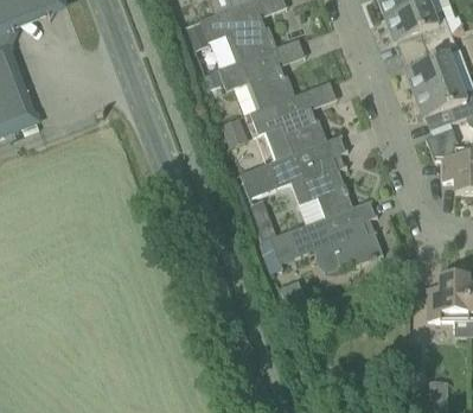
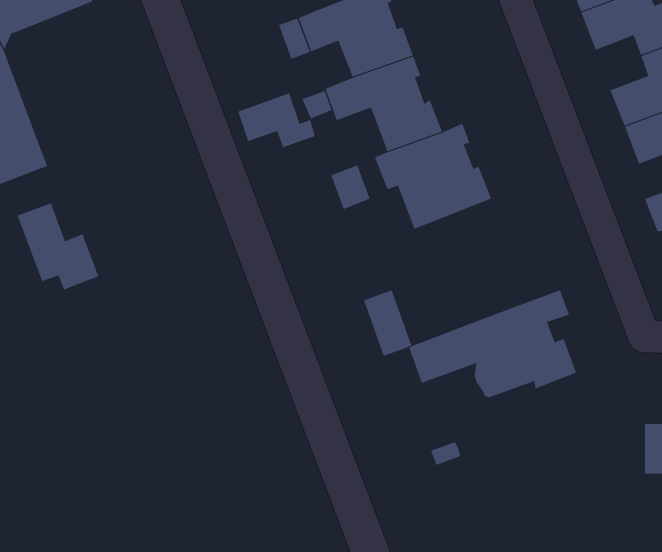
building: none -> [238,92,316,148]
building: [239,134,352,217] -> none
building: none -> [17,203,99,291]

